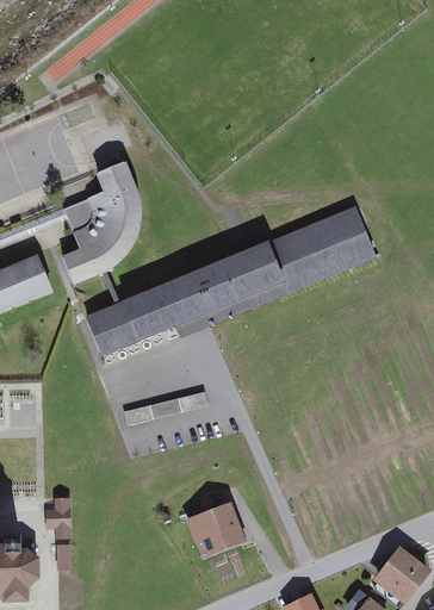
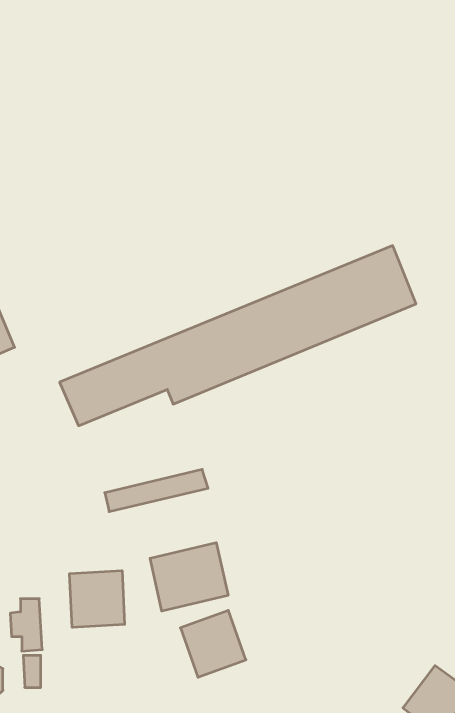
building: [62,162,140,282] -> none
building: none -> [150,543,228,611]
building: none -> [70,571,125,627]

